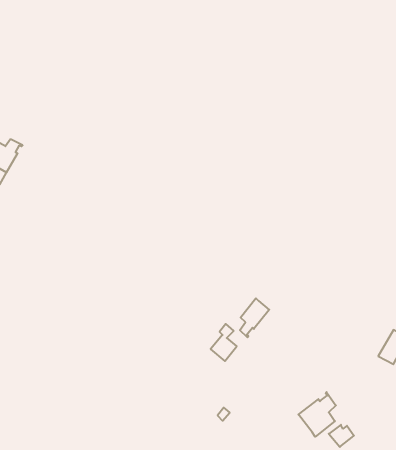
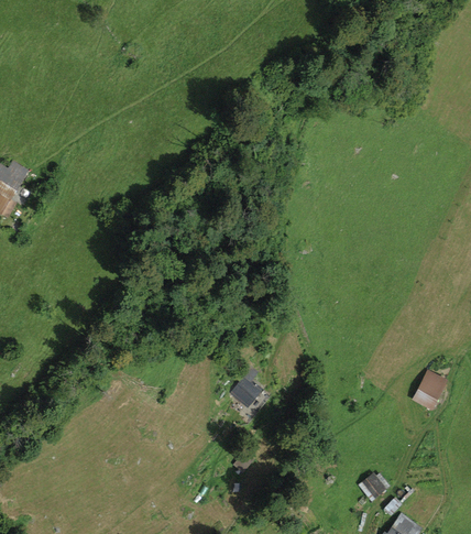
building: [240,298,269,337] -> none
building: [298,392,336,437] -> none

